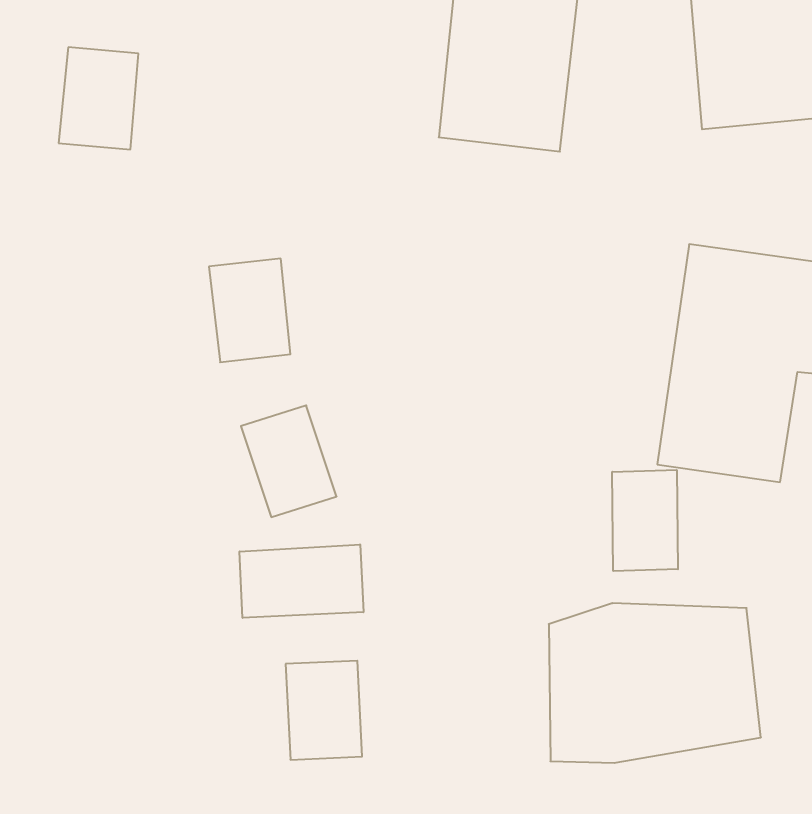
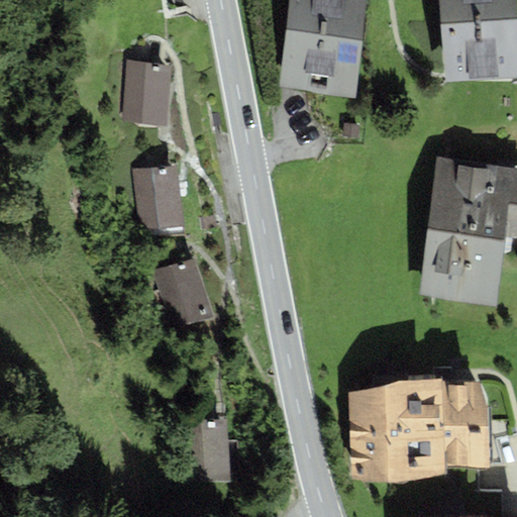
building: [59,47,138,149] -> [122,60,173,124]
building: [612,470,678,571] -> none
building: [240,544,363,618] -> none

